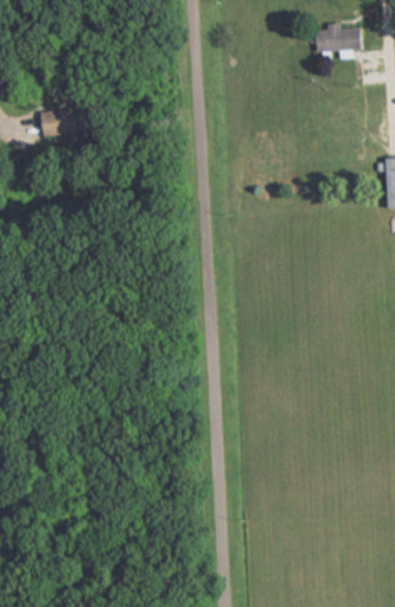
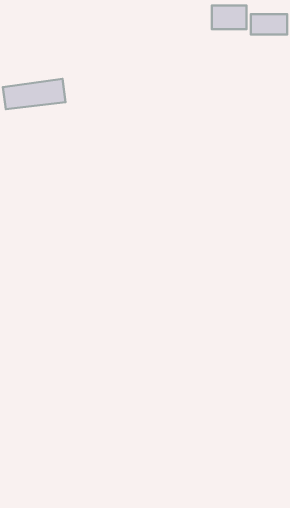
building: none -> [212,5,247,29]

